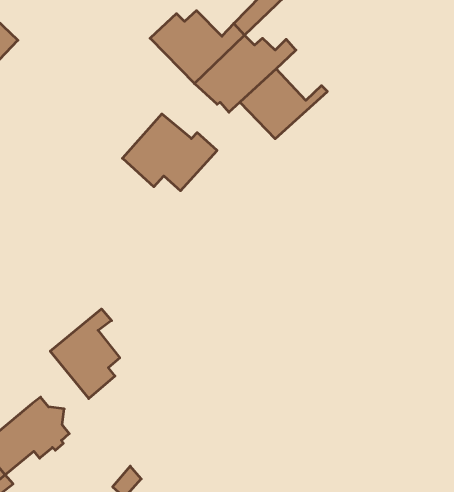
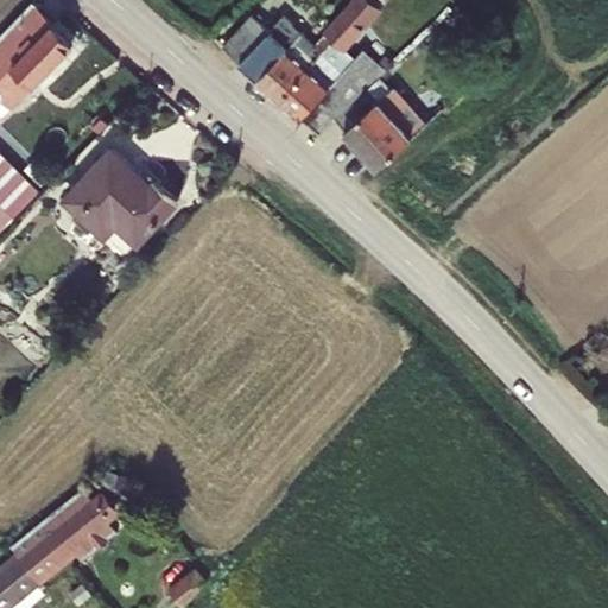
building: [122,114,217,191] -> [53,154,167,247]
building: [50,309,120,399] -> none

